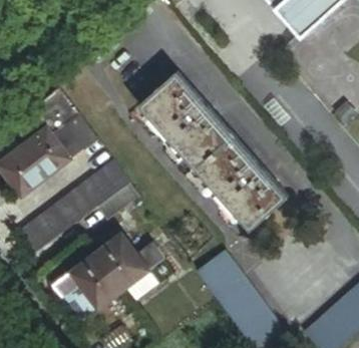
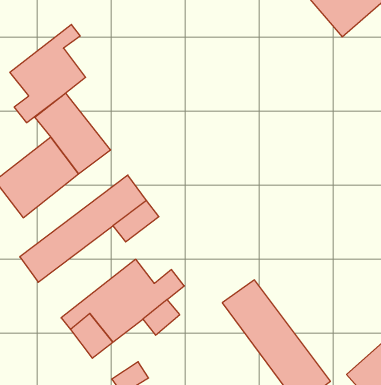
building: none -> [10,24,86,123]
building: [136,71,285,231] -> none

